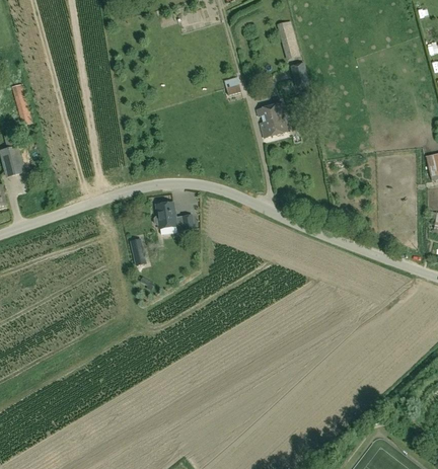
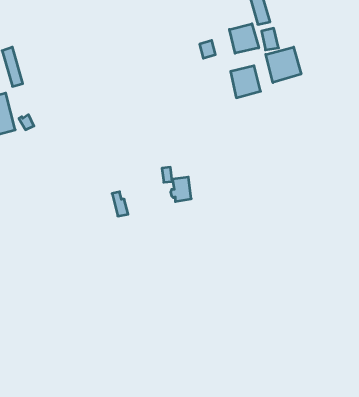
building: none -> [229,24,259,53]
building: none -> [266,47,301,83]
building: [154,203,176,229] -> [171,177,191,202]

